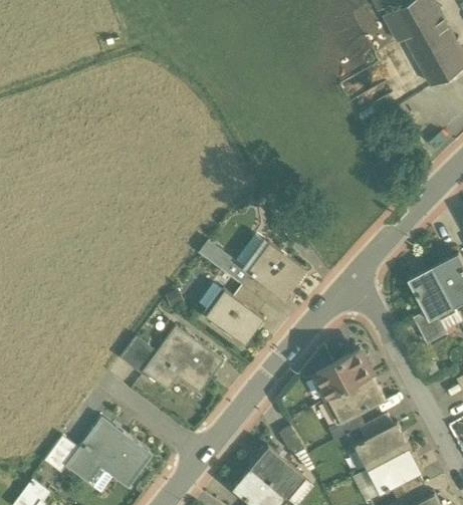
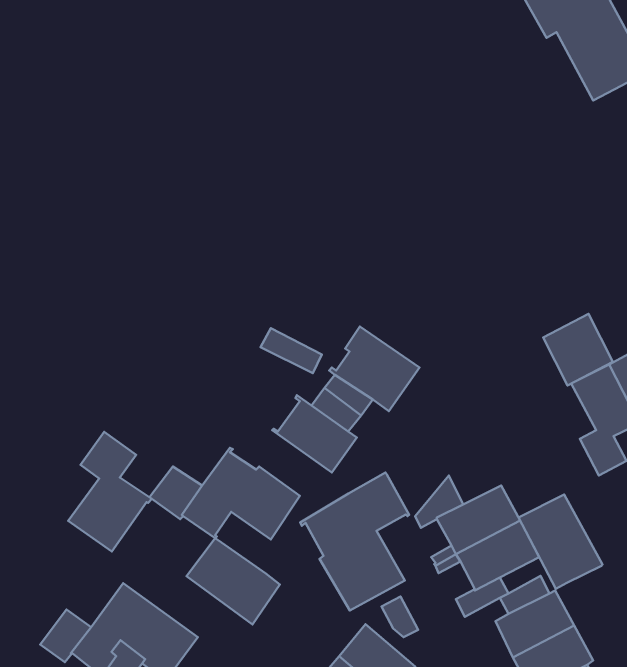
building: none -> [543,314,613,385]
building: none -> [68,432,152,551]
building: none -> [300,472,409,610]
building: none -> [519,494,603,589]
building: none -> [186,538,280,625]

